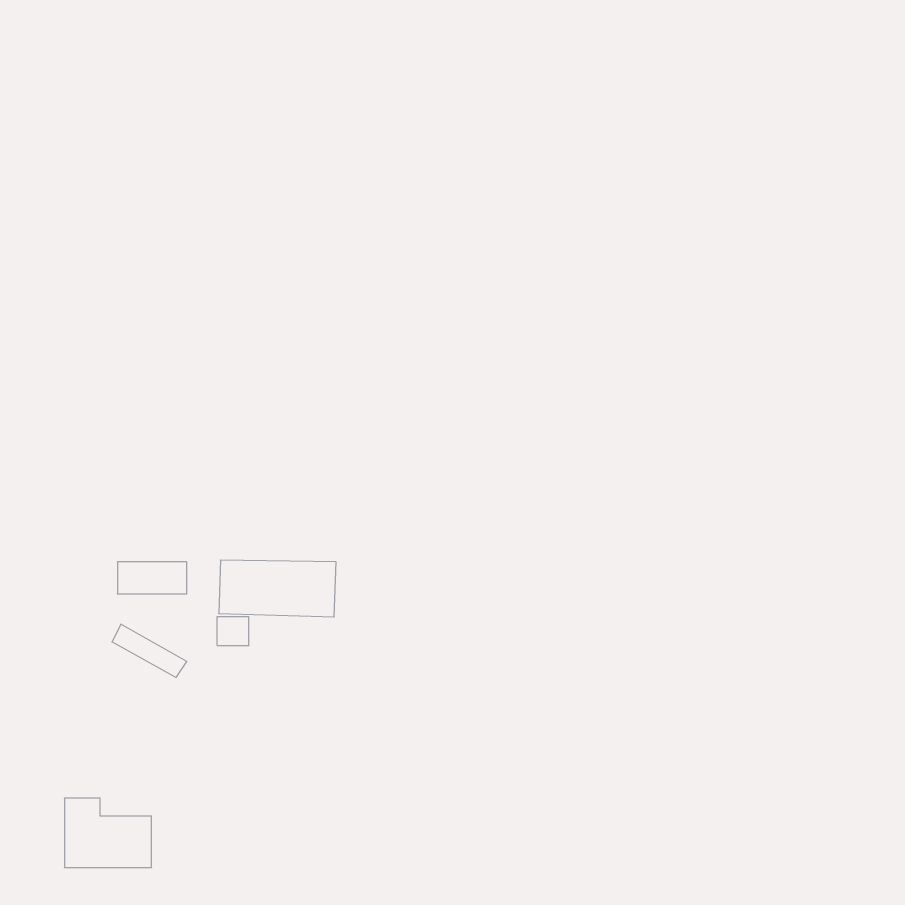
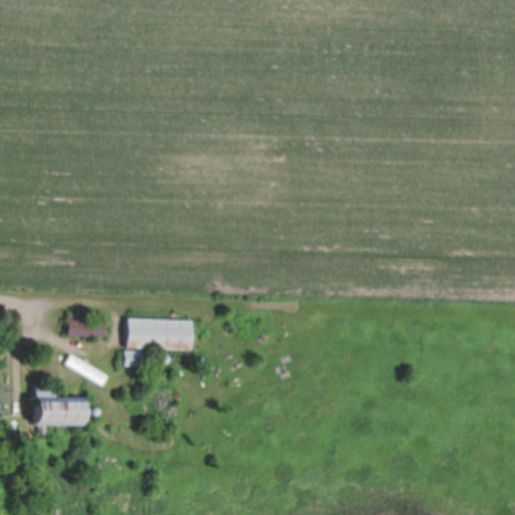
building: [64,798,152,868] -> [35,386,84,425]

